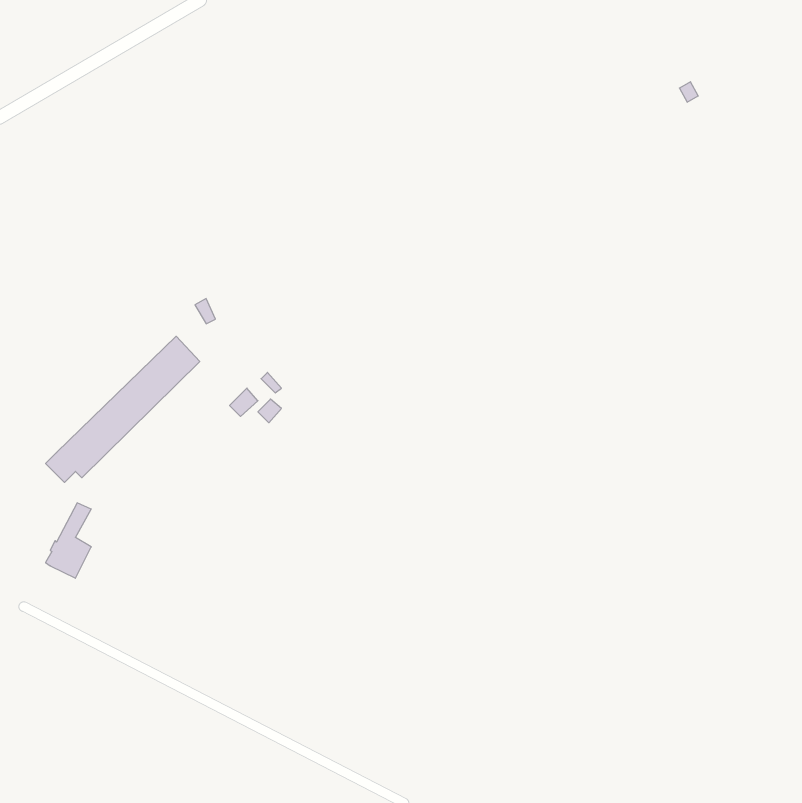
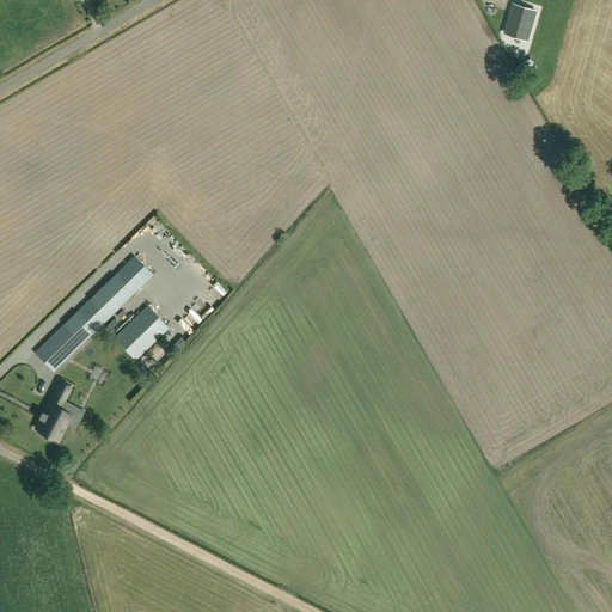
building: none -> [503,5,536,41]
building: none -> [114,305,169,361]

